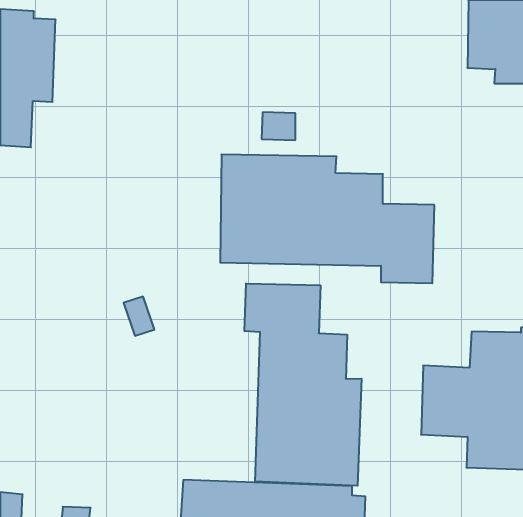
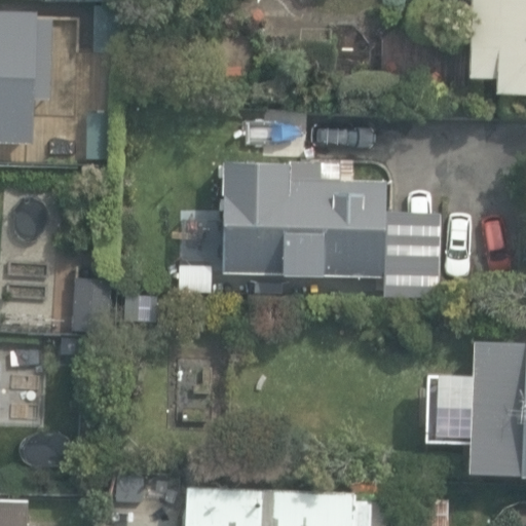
building: [245,283,361,486] -> none

